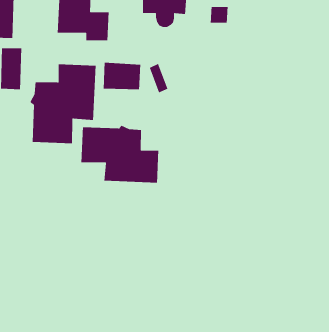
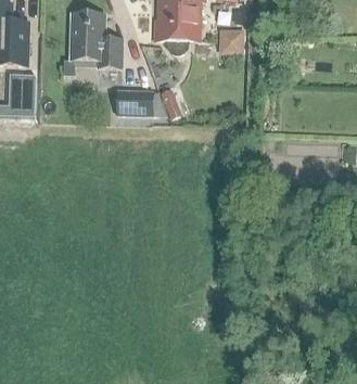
building: [29,64,96,144] -> none
building: [81,125,159,184] -> none

